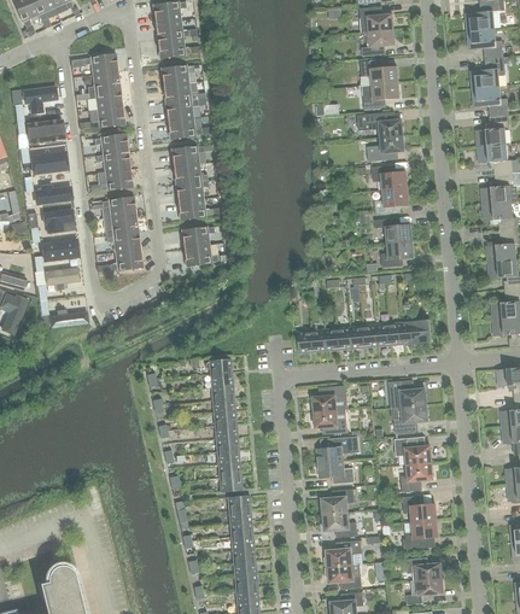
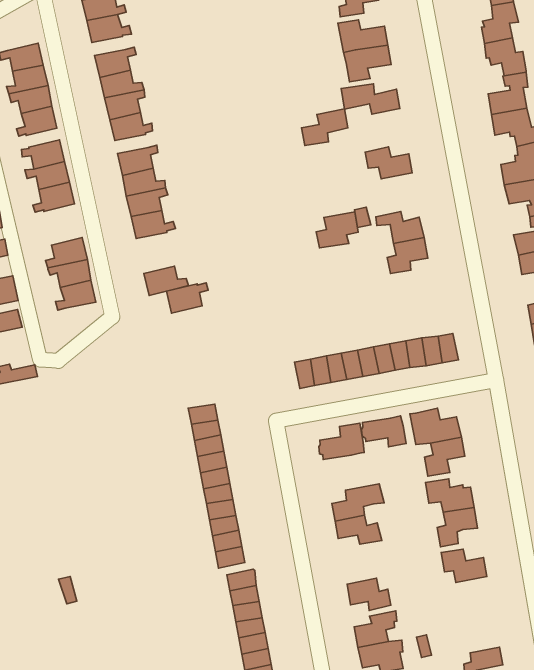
building: [366,134,403,160] -> [302,109,348,145]
building: [374,187,408,214] -> [316,212,358,248]
building: [100,195,135,217] -> none
building: [180,226,214,247] -> [167,283,208,313]
building: [311,409,346,433] -> [362,416,406,447]
building: [320,487,354,514] -> none
building: [402,519,437,549] -> none
building: [404,556,440,579] -> none

